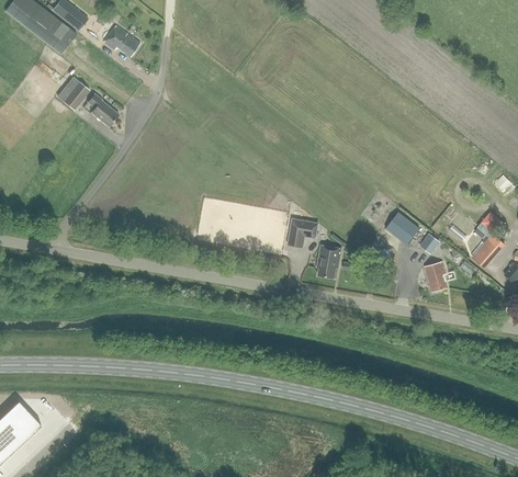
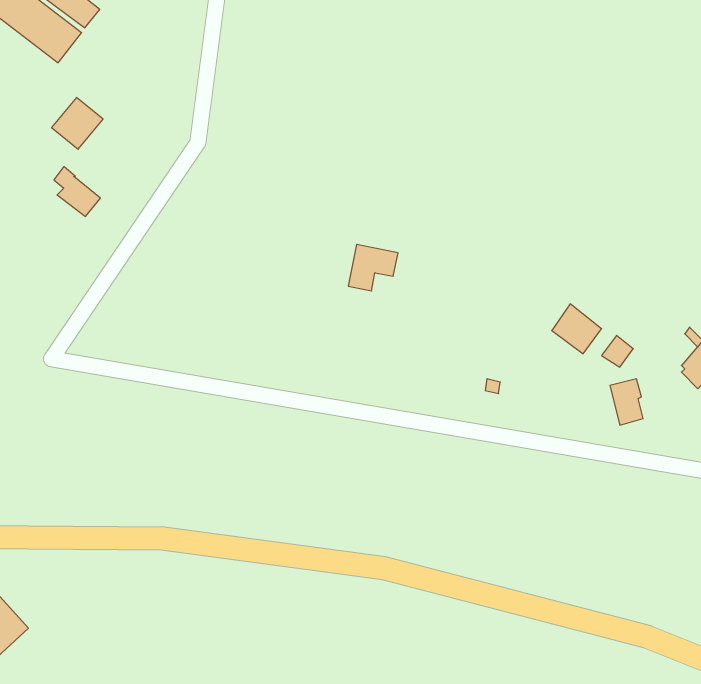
building: [104,25,139,56] -> none
building: [88,93,119,126] -> [54,167,100,216]
building: [285,216,318,247] -> [348,244,398,291]
building: [317,245,341,277] -> none

